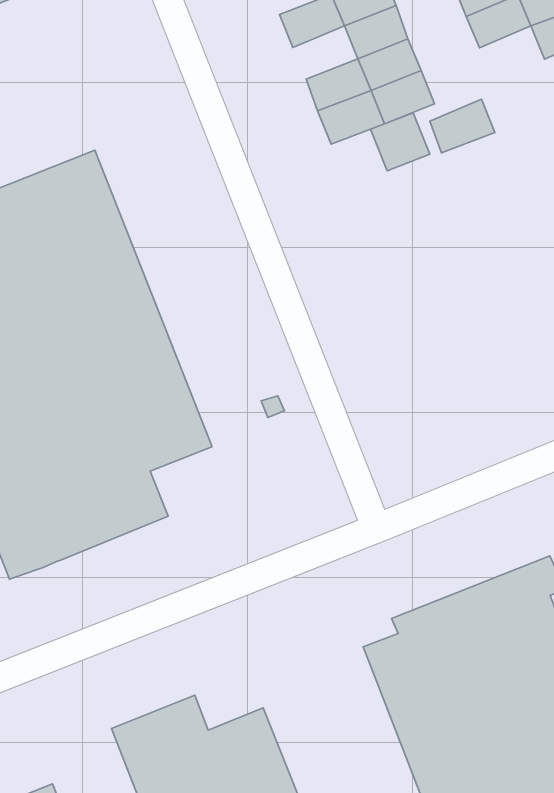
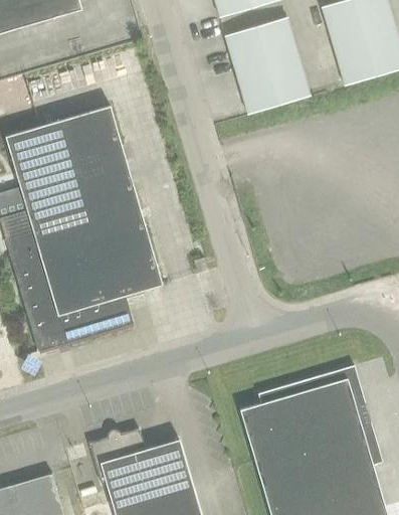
building: none -> [230,46,267,75]
building: [430,99,495,153] -> [339,56,376,85]
building: [371,113,430,171] -> none

